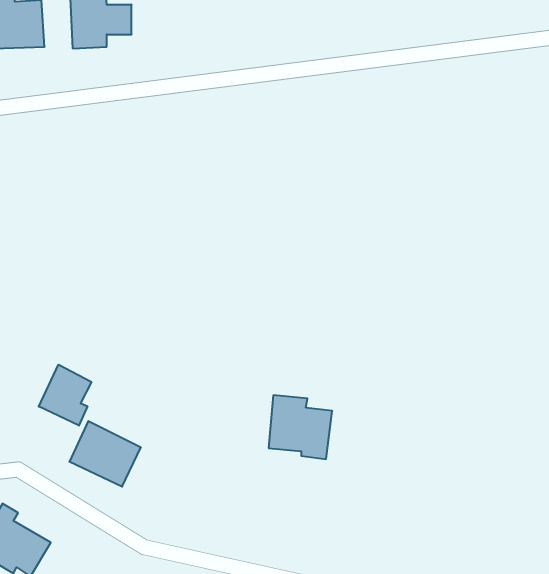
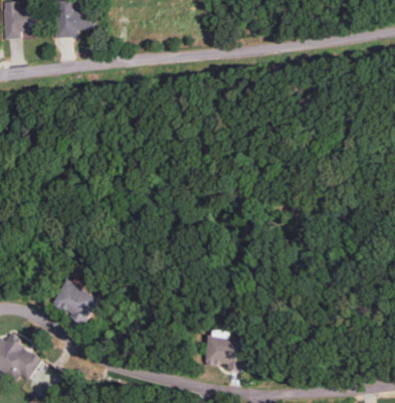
building: [39,365,91,426] -> none
building: [269,395,332,459] -> [204,330,245,371]

